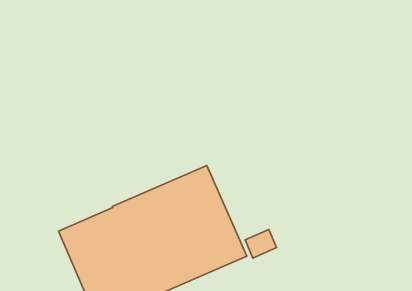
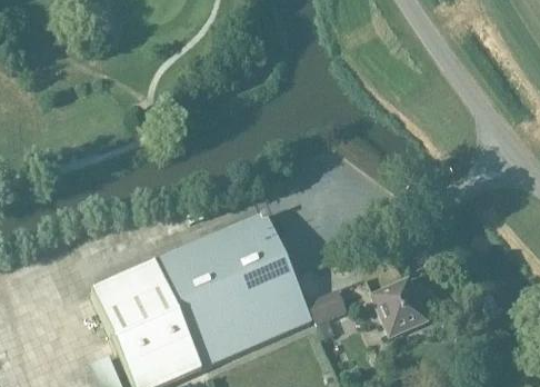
building: none -> [373,277,428,334]

